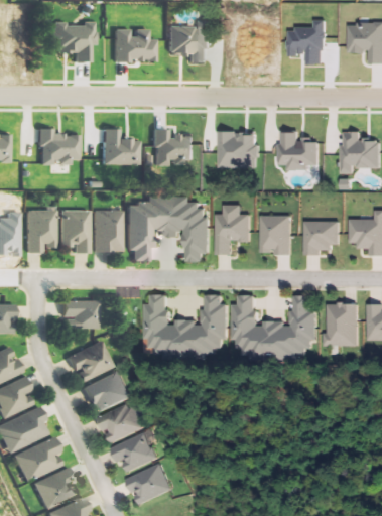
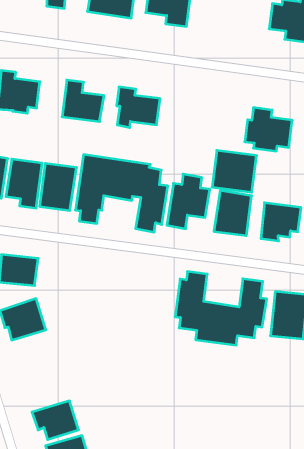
building: [219,132,257,167] -> [212,150,257,192]
building: [145,294,230,358] -> none
building: [84,371,129,412] -> none
building: [96,403,142,442] -> none

